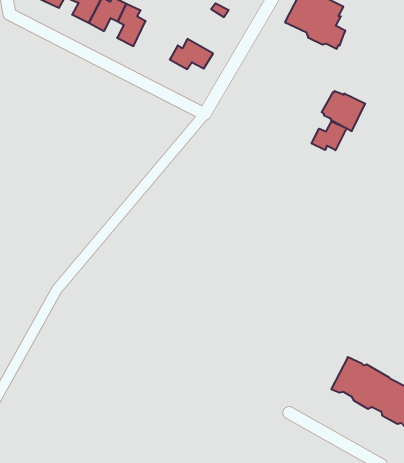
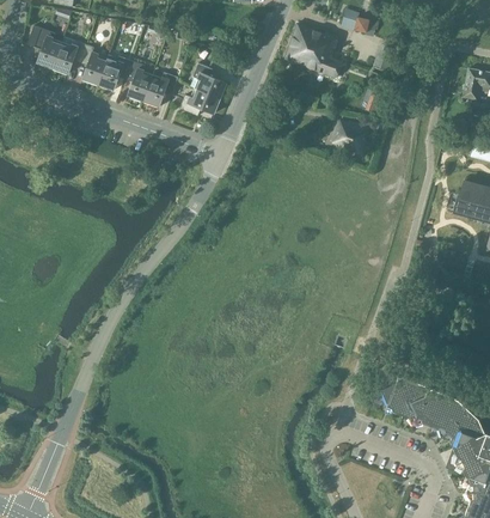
building: none -> [192,63,226,98]
building: none -> [143,72,178,106]
building: [312,121,346,150] -> none

